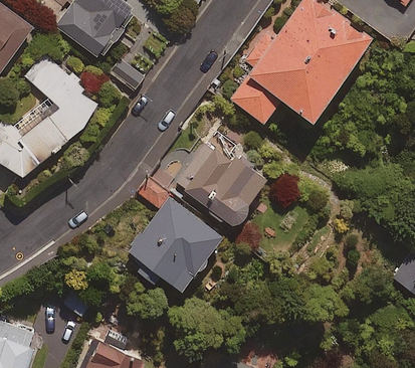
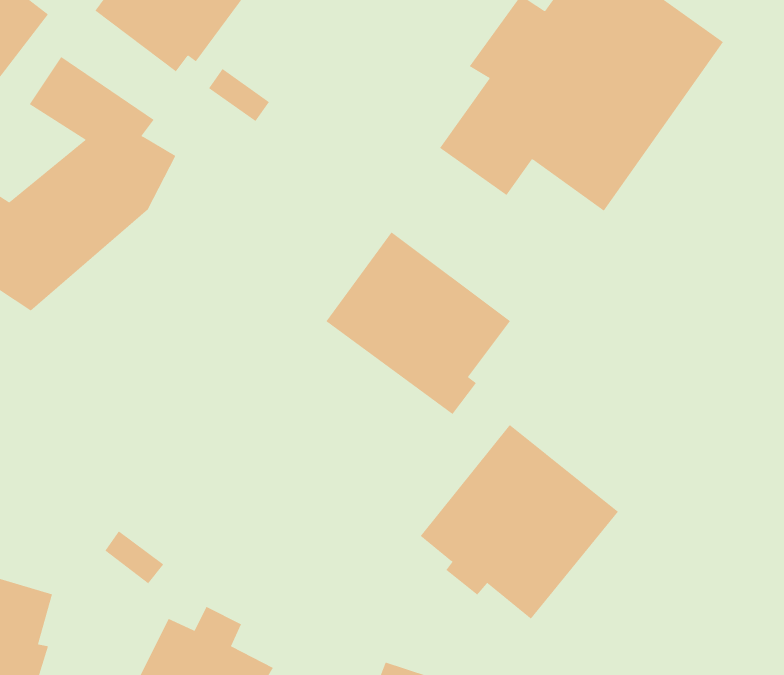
building: [123,199,223,298] -> [420,424,619,620]

